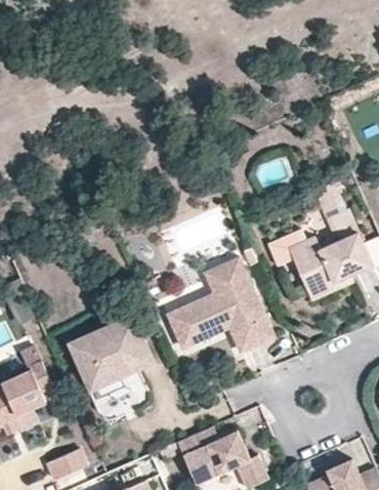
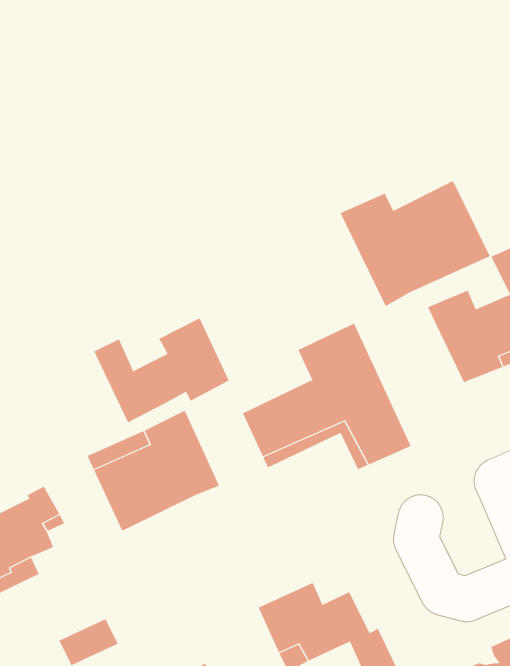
building: none -> [340,180,490,307]
building: none -> [94,317,229,423]
building: [88,369,146,420] -> none

